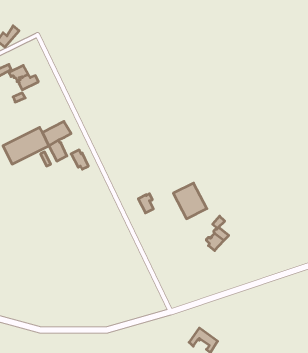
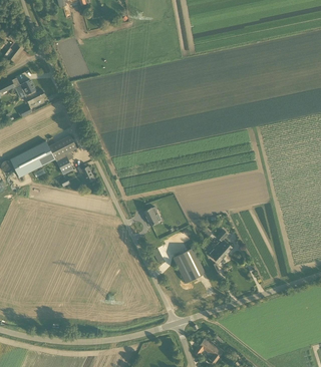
building: [173,183,207,219] -> [172,248,205,283]

